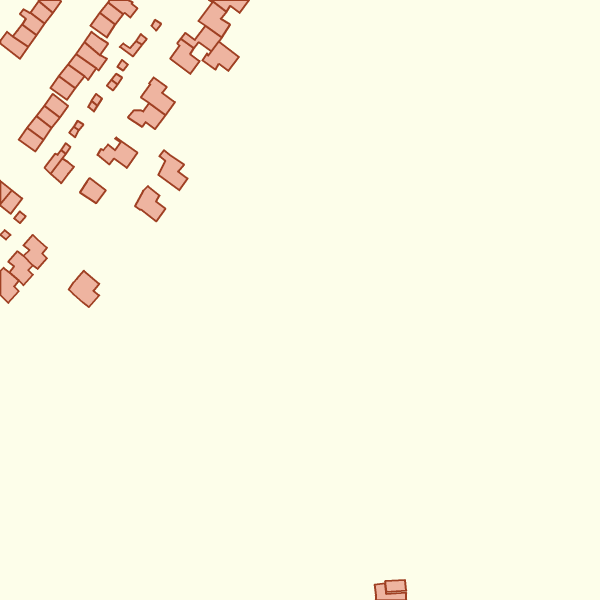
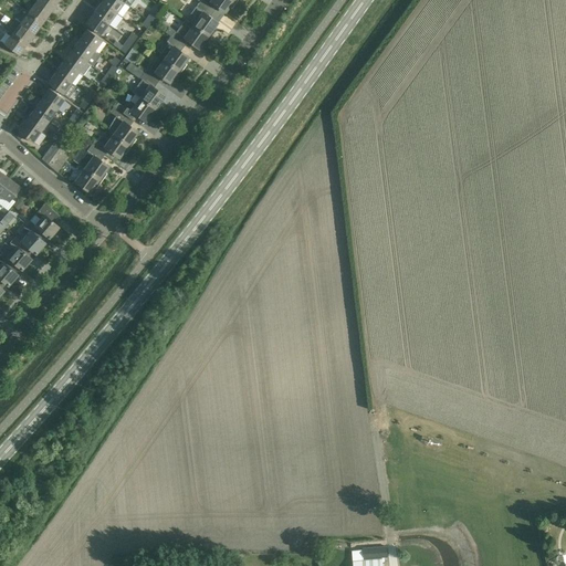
building: [202,42,239,71] -> [145,55,179,83]
building: [158,150,188,190] -> [109,106,137,144]
building: [135,186,165,221] -> [80,146,108,179]
building: [69,271,99,307] -> [31,203,60,238]

